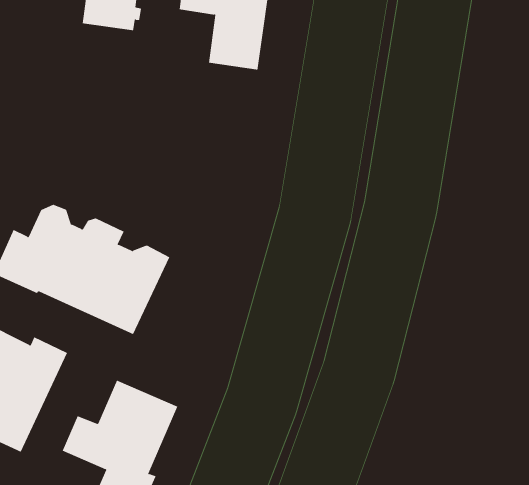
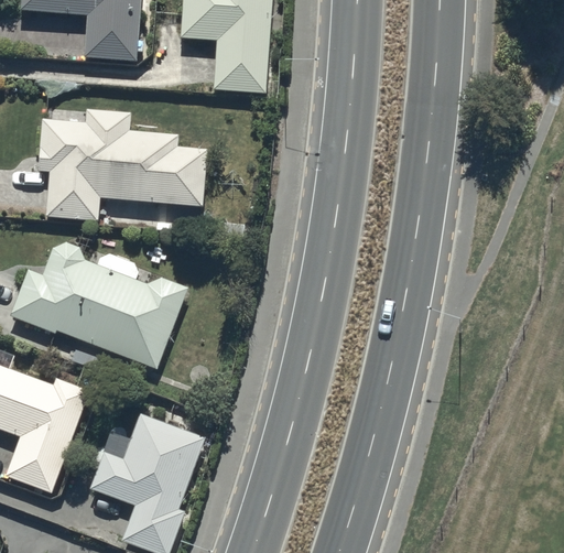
building: none -> [37,107,207,219]

